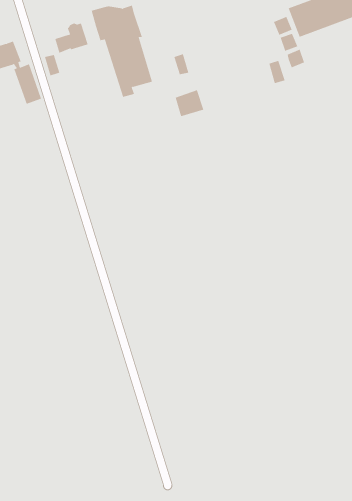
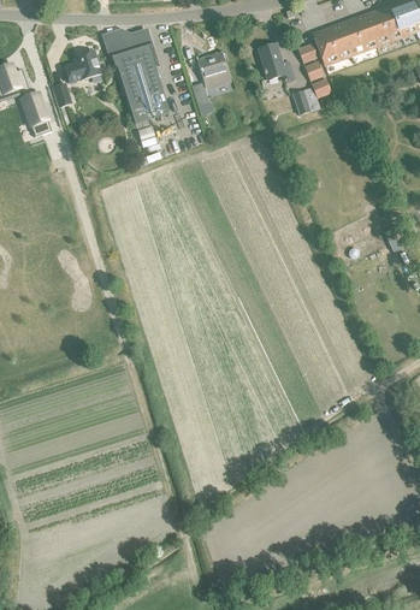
building: none -> [259,41,294,78]
building: [175,90,204,117] -> [197,49,229,78]

